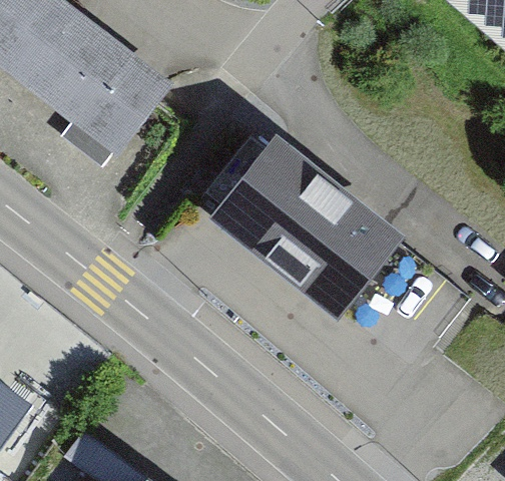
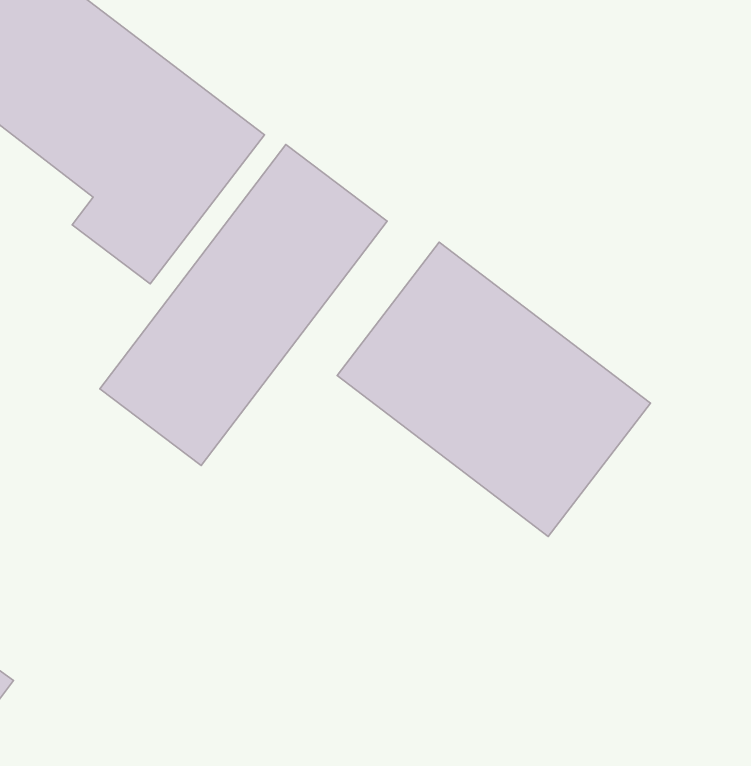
building: none -> [100,145,387,466]

